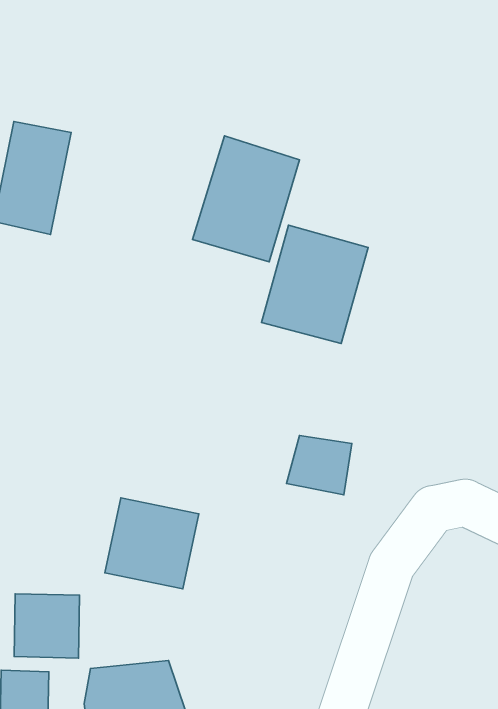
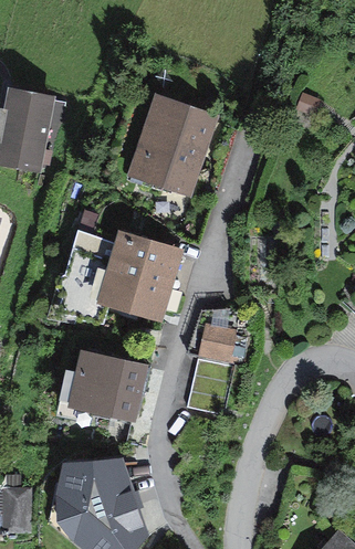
building: [261,225,368,343] -> [103,242,177,324]
building: [14,594,80,658] -> none

